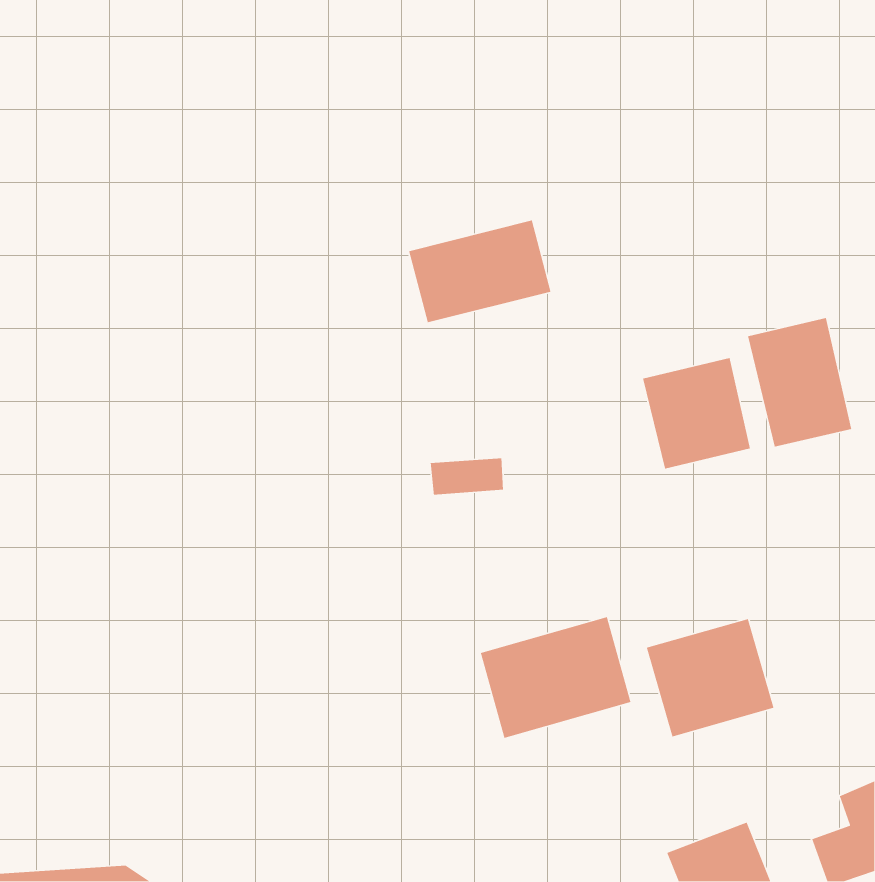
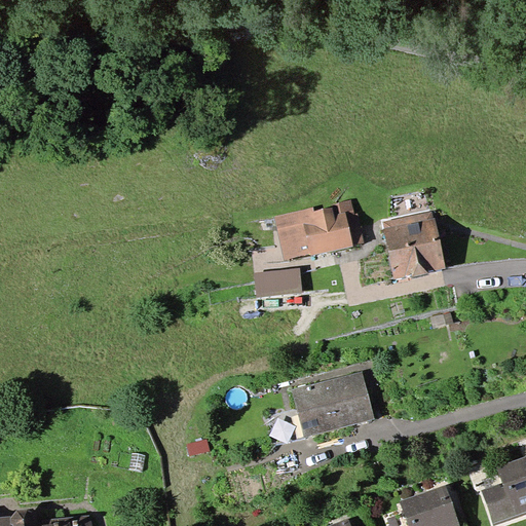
building: [408,220,552,323] -> [275,199,361,261]
building: [747,317,852,447] -> none
building: [646,618,774,737] -> none

